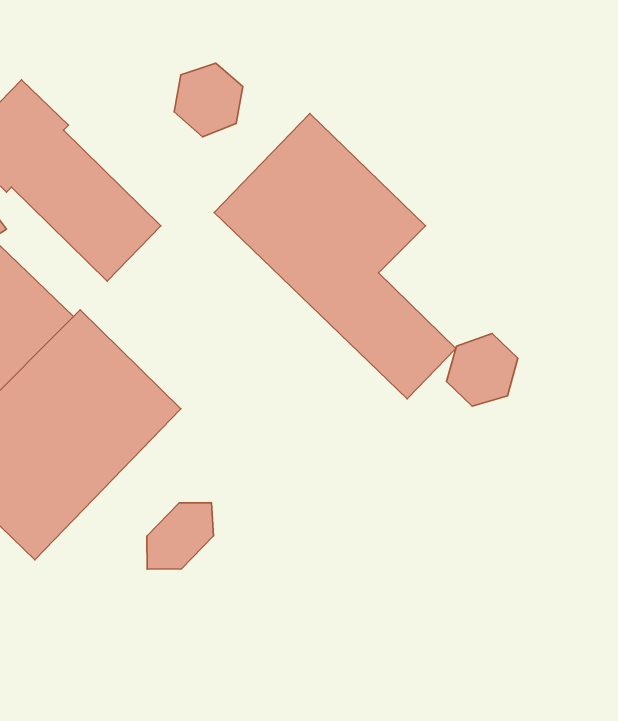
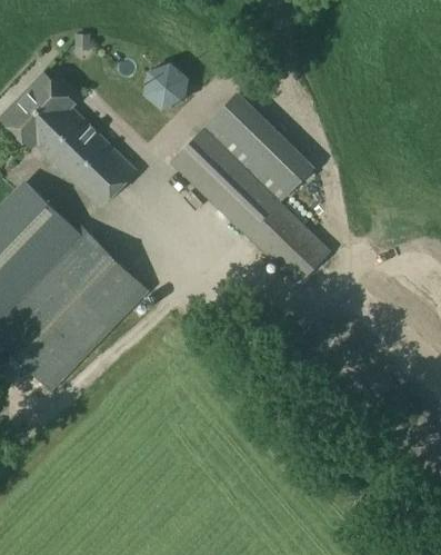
building: [447,333,518,406] -> none
building: [147,503,214,569] -> none

